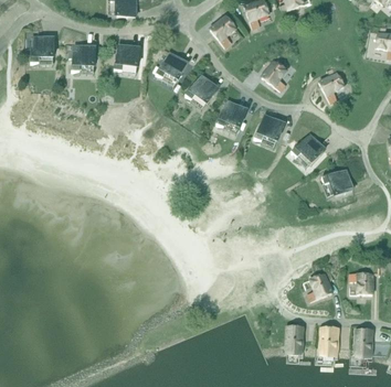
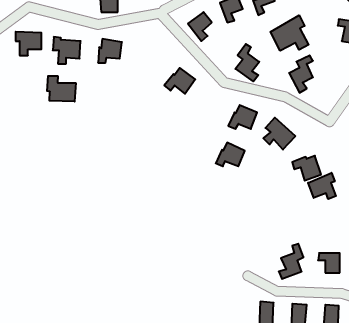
building: none -> [270,15,309,51]
building: [155,52,188,78] -> none
building: none -> [47,76,76,102]
building: [215,100,246,126] -> [216,143,245,166]
building: none -> [308,173,336,199]

